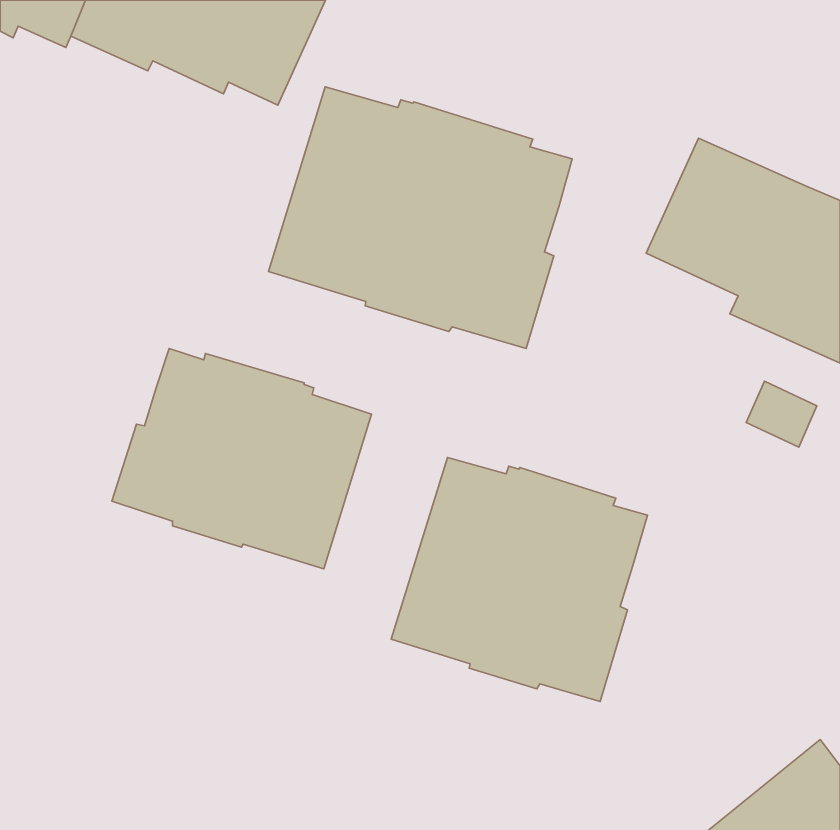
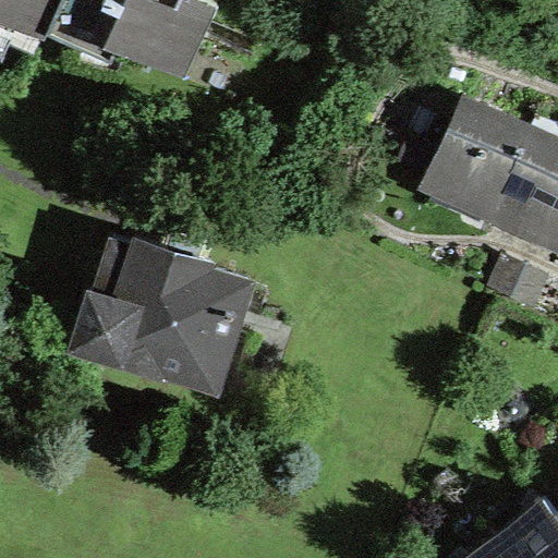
building: [268,87,572,349] -> none
building: [391,457,647,701] -> none

